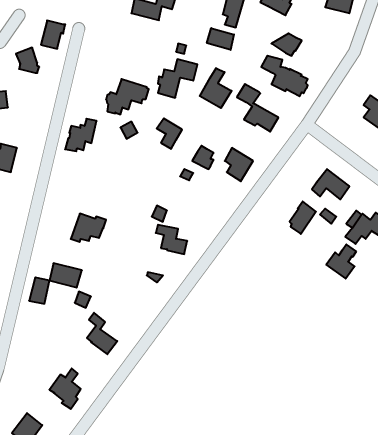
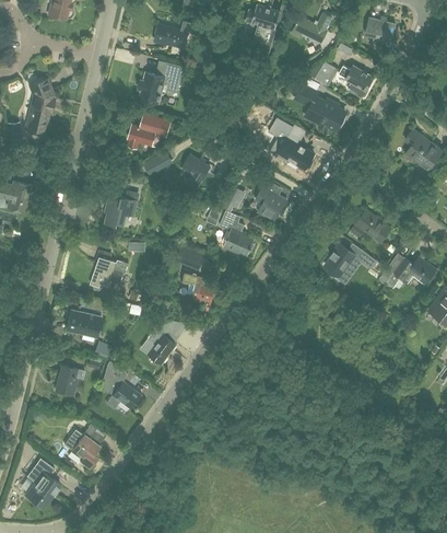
building: [41,20,65,49] -> [26,100,52,130]
building: [207,28,234,50] -> none
building: none -> [338,65,372,97]
building: [158,59,197,98] -> [139,61,181,103]
building: [200,68,232,108] -> none
building: [65,119,97,151] -> [104,189,138,224]
building: none -> [219,216,254,254]
building: [326,244,356,279] -> none
building: [29,277,49,304] -> [55,366,77,394]
building: none -> [146,325,175,364]

